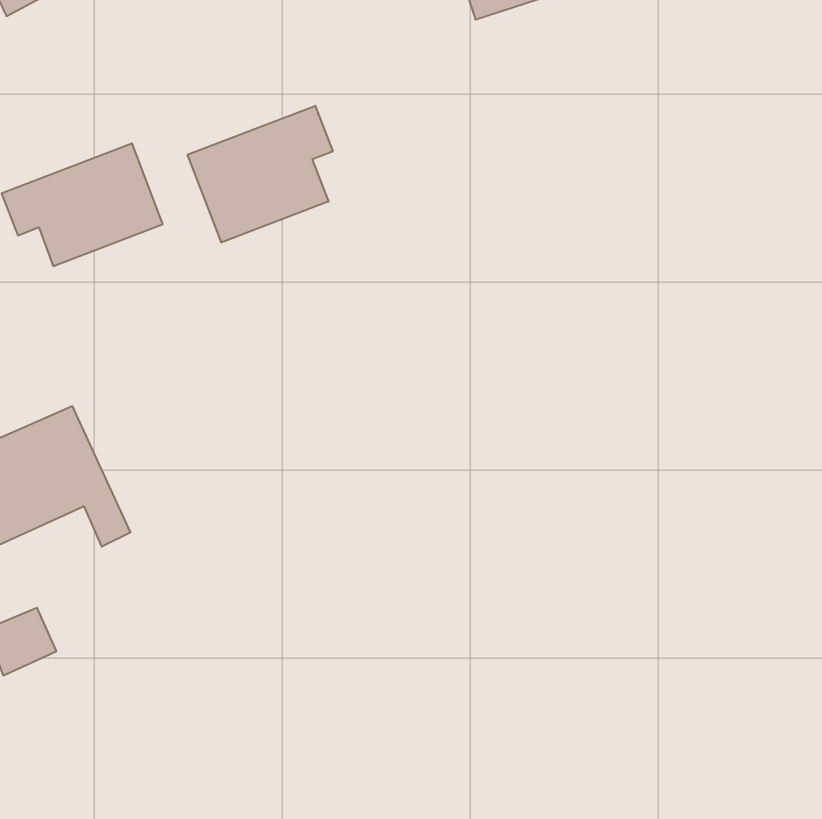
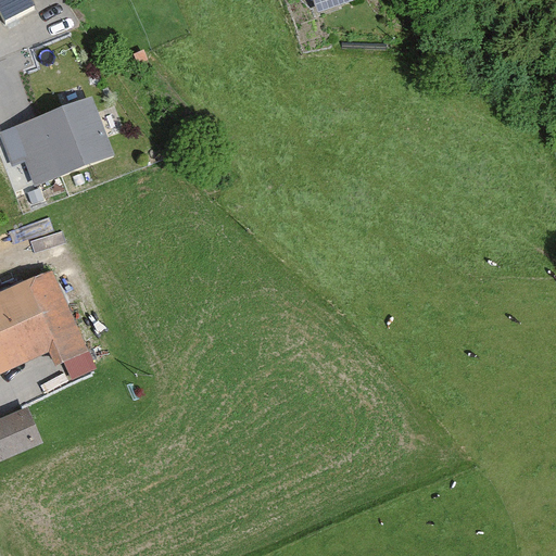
building: [188,106,333,243] -> none

